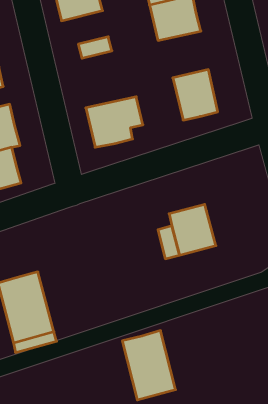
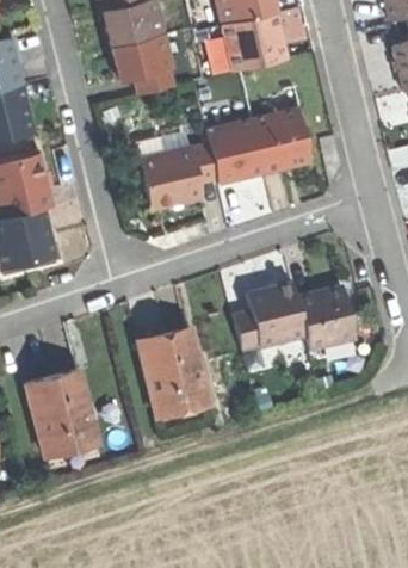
building: none -> [110,35,169,81]
building: none -> [202,121,265,186]
building: none -> [295,277,357,347]
building: [122,331,176,400] -> [142,326,210,414]

